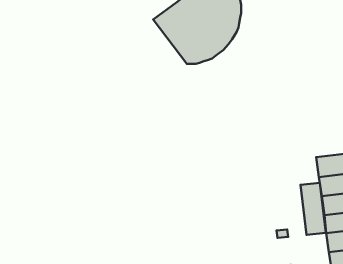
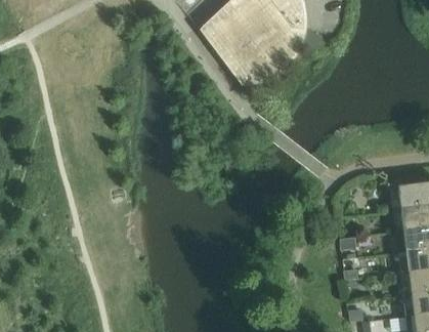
building: [300,183,326,235] -> none

